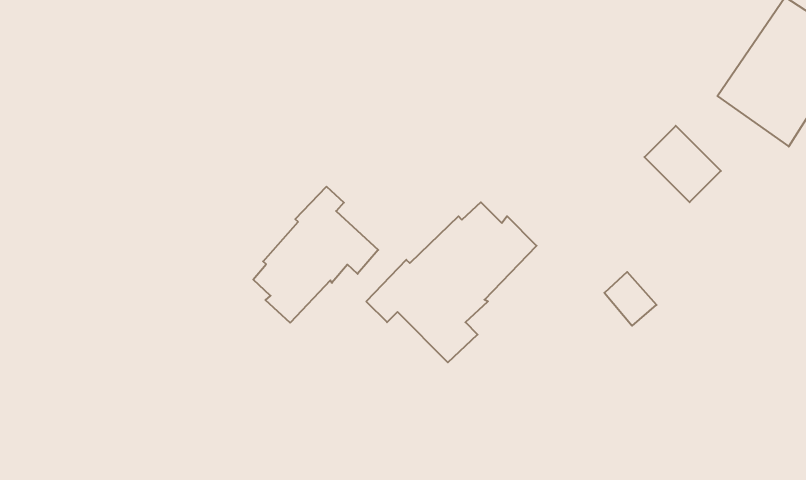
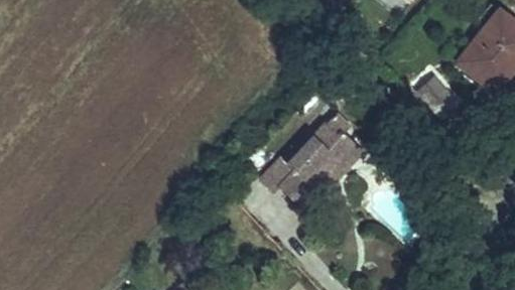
building: [253,187,378,323] -> none

